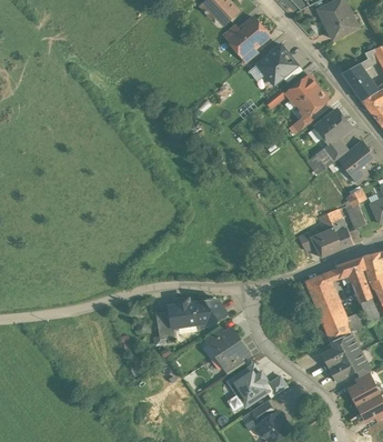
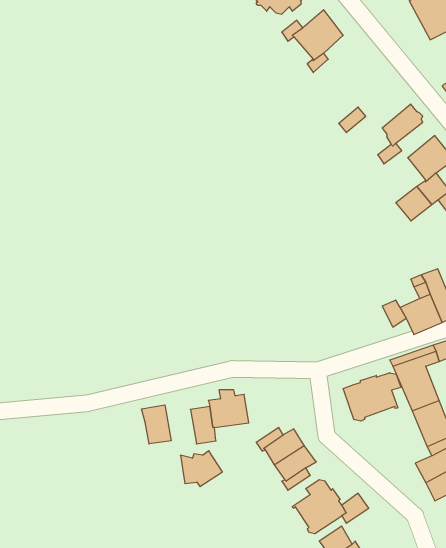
building: [256,44,296,83] -> none
building: [286,74,319,106] -> none
building: none -> [343,373,401,421]
building: [195,299,226,325] -> [180,451,222,487]
building: none -> [142,405,171,444]

